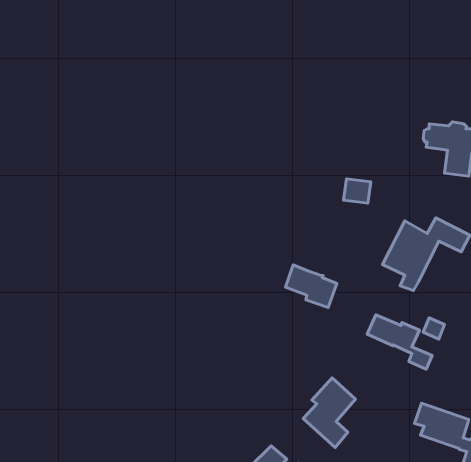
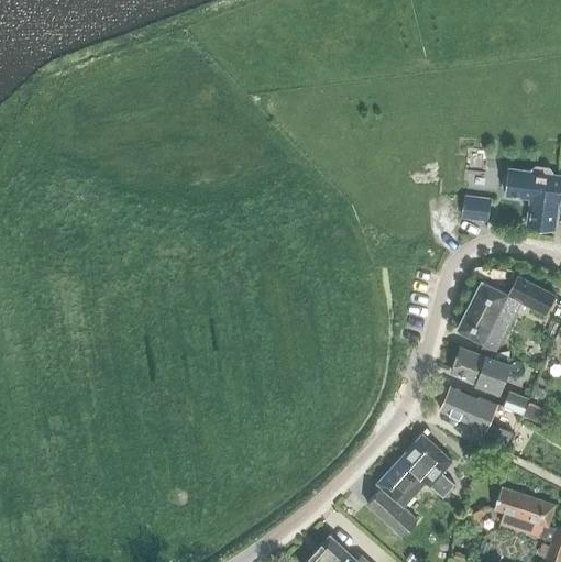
building: [344,179,371,203] -> [460,196,491,223]
building: [285,265,337,308] -> [452,348,510,396]
building: none -> [400,434,455,498]

